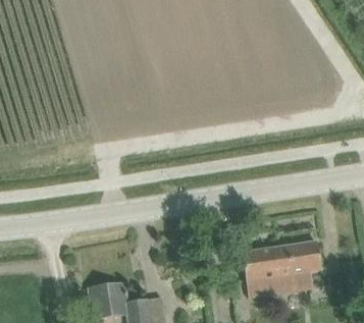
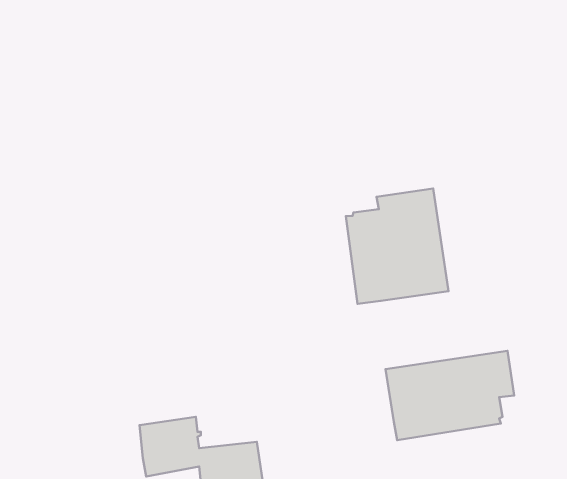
building: none -> [346,188,448,304]

